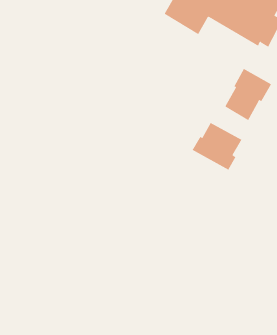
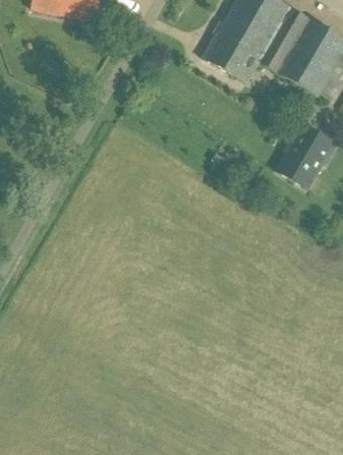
building: [192,122,242,171] -> none

